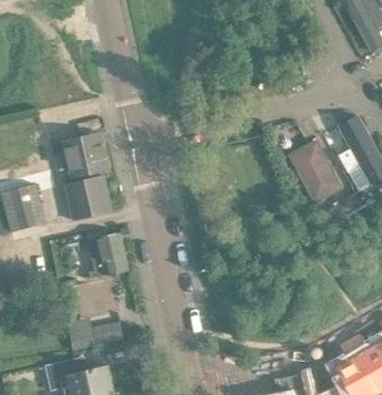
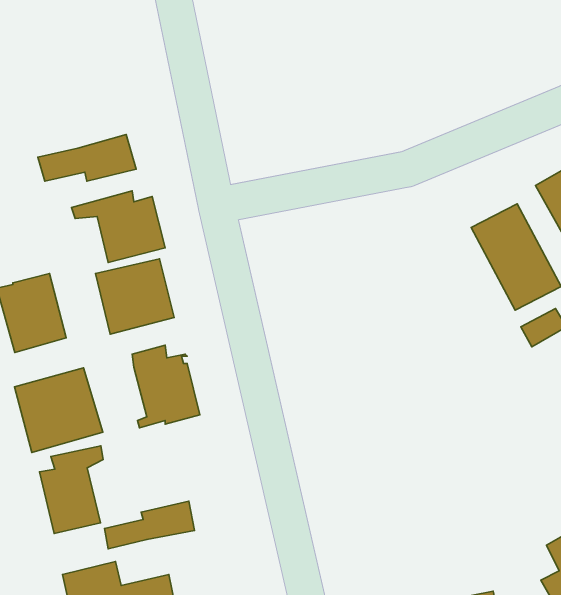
building: none -> [38,134,136,181]
building: none -> [14,368,103,453]
building: none -> [39,446,103,534]

